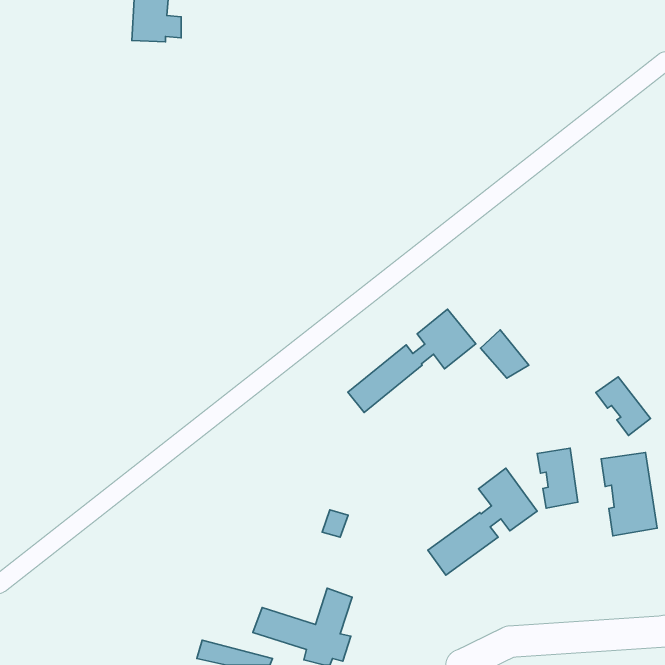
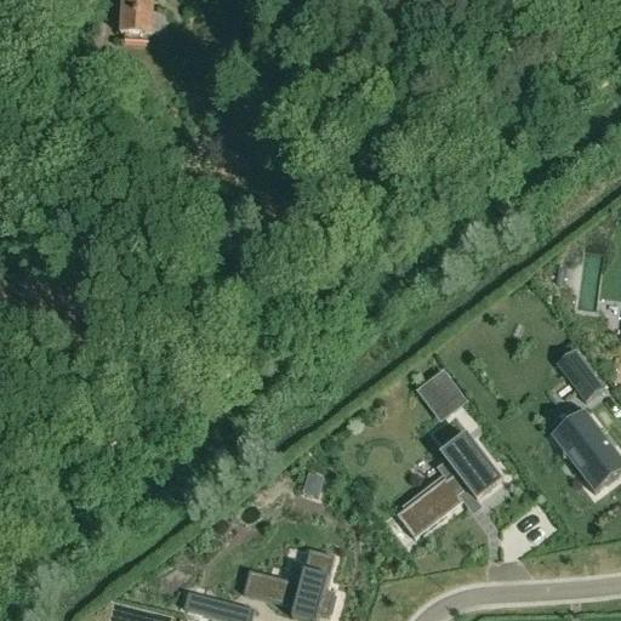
building: [348,309,476,413] -> none
building: [481,330,529,378] -> [423,371,468,416]
building: [537,448,578,508] -> none

